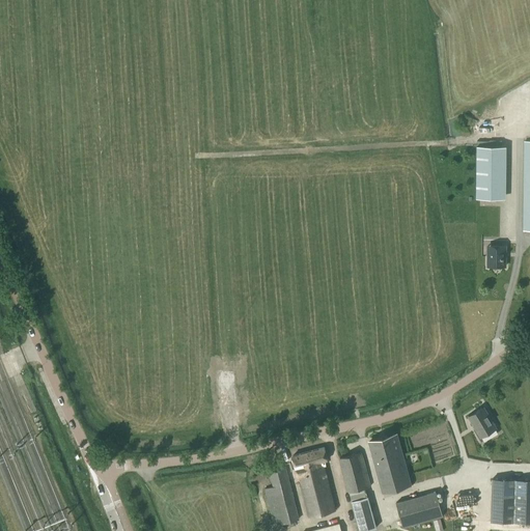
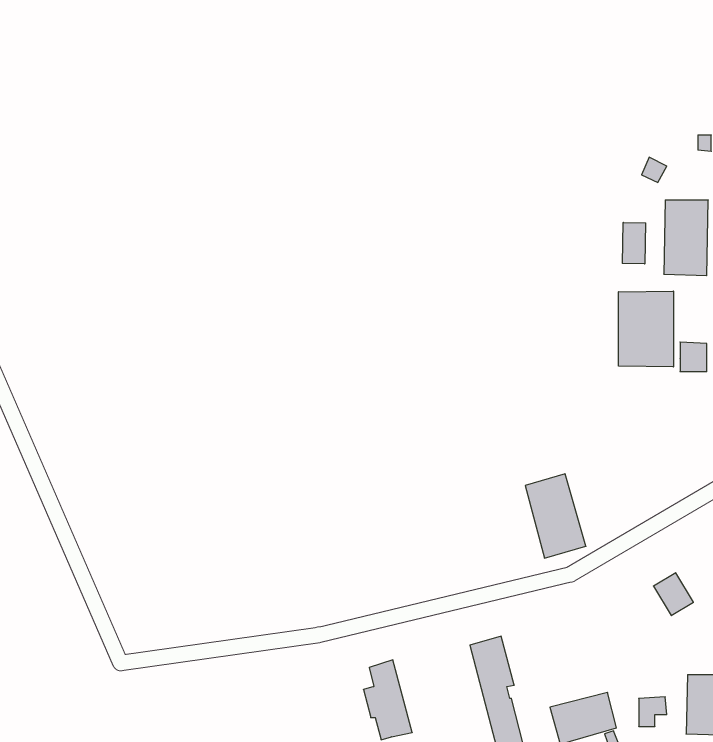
building: none -> [622,222,646,264]
building: none -> [619,291,673,367]
building: [368,436,411,495] -> [525,474,586,558]
building: [291,448,335,518] -> none

